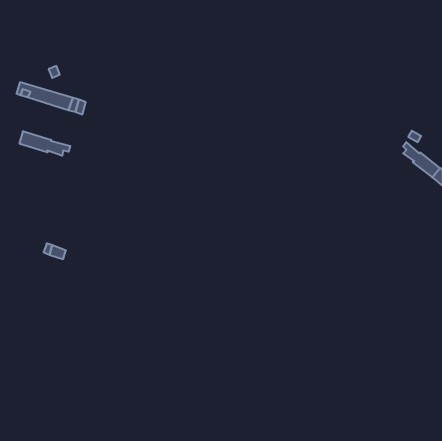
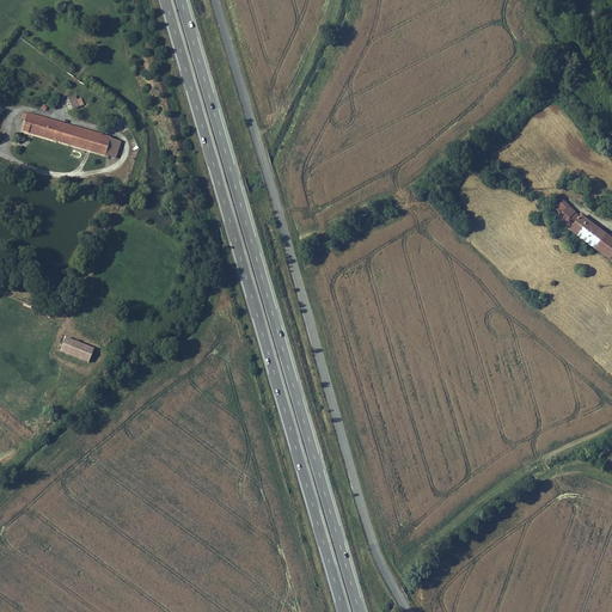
building: [20,131,70,156] -> none

